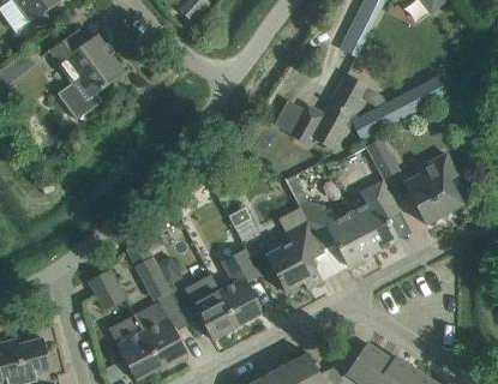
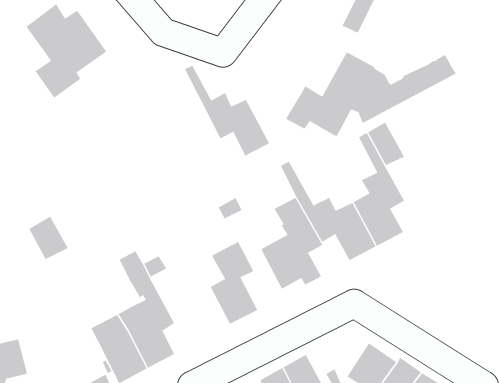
building: none -> [184,65,270,157]
building: [403,154,462,224] -> none
building: [89,269,126,310] -> [28,216,69,260]
building: [185,274,238,340] -> none

